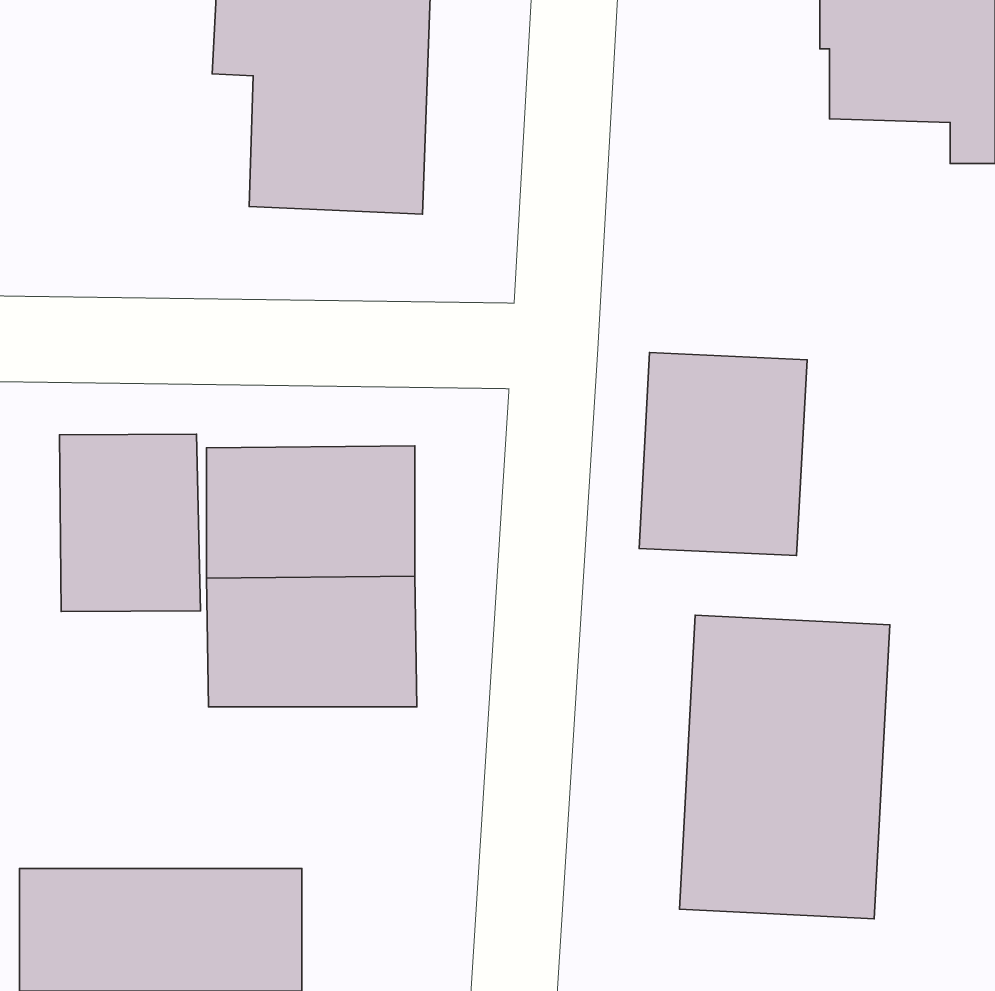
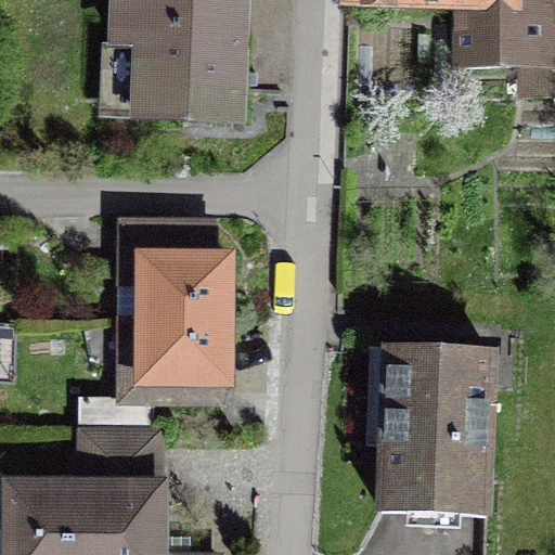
building: [639,353,807,556] -> none
building: [59,434,200,612] -> none

